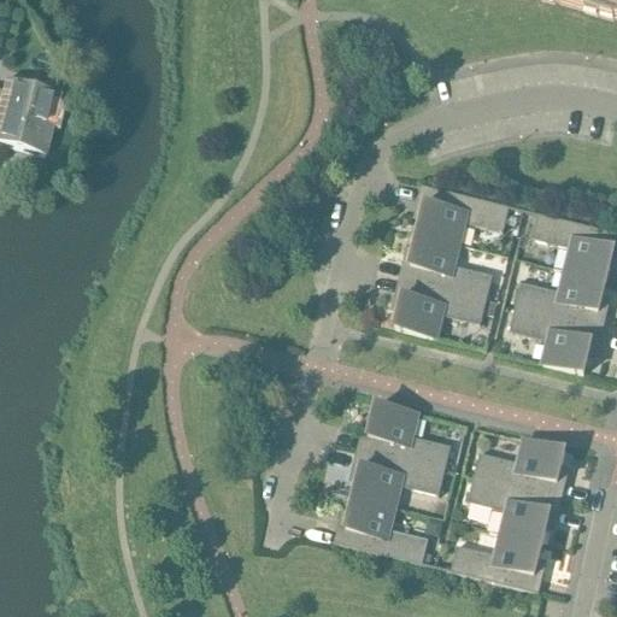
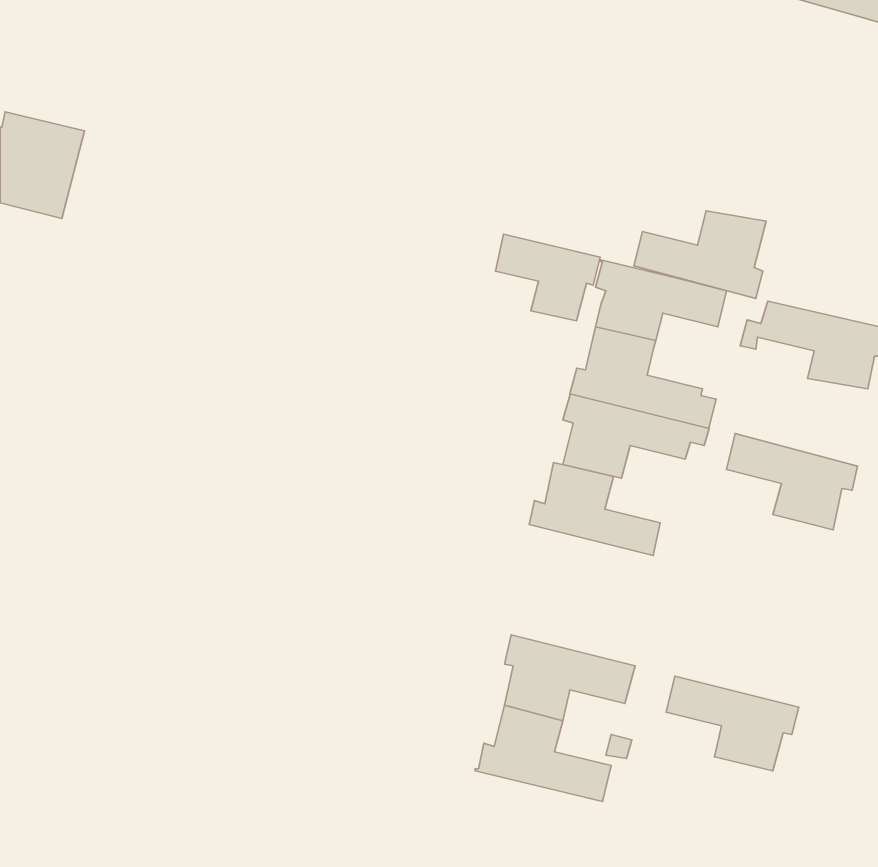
building: none -> [495,234,600,321]
building: [516,265,609,327] -> [634,211,766,299]
building: [359,401,451,466] -> [529,463,660,556]
building: [474,437,565,495] -> none
building: [451,530,542,589] -> none

